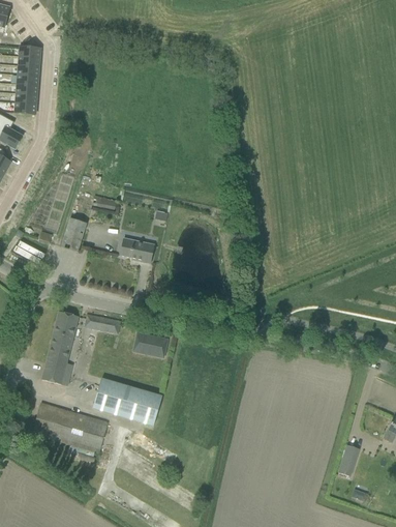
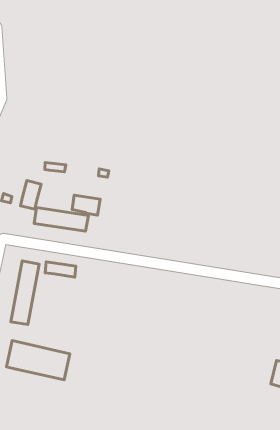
building: none -> [34,207,89,231]
building: [132,332,167,354] -> none
building: [93,378,162,426] -> none

